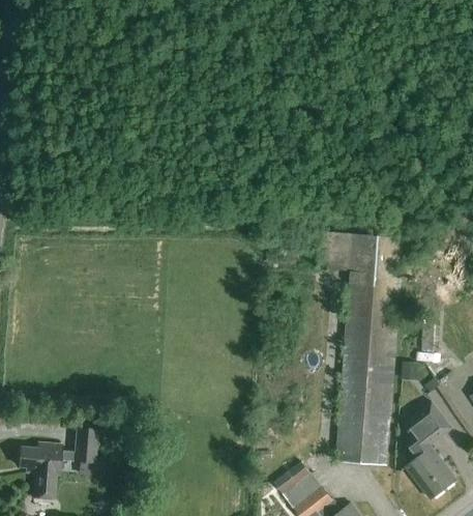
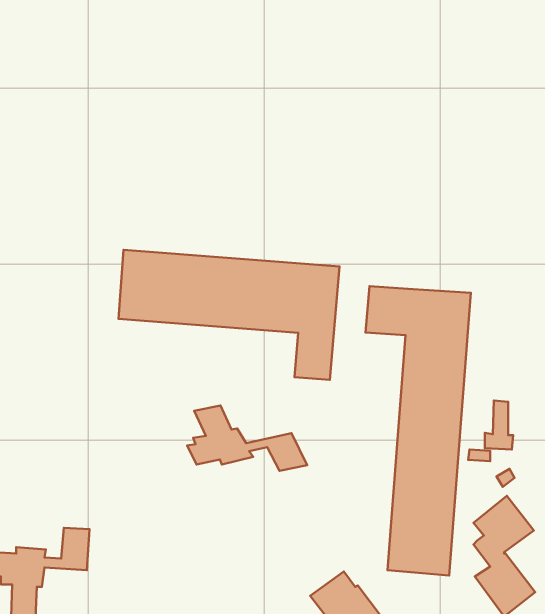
building: none -> [119,250,340,380]
building: none -> [187,405,307,471]

